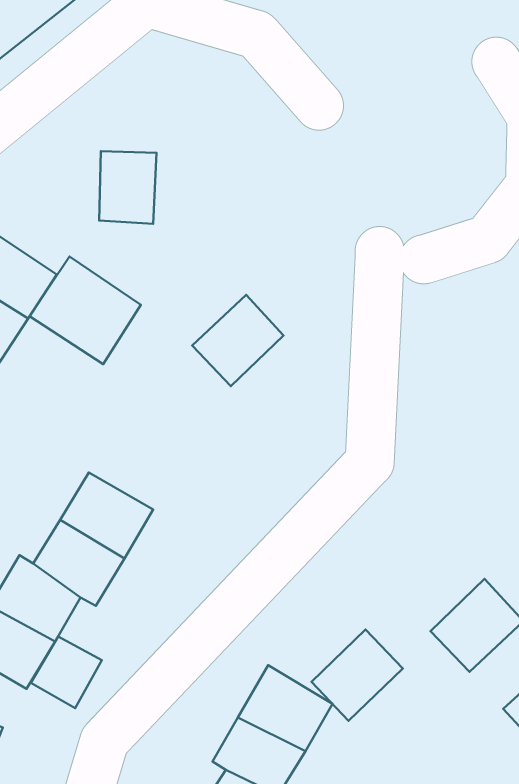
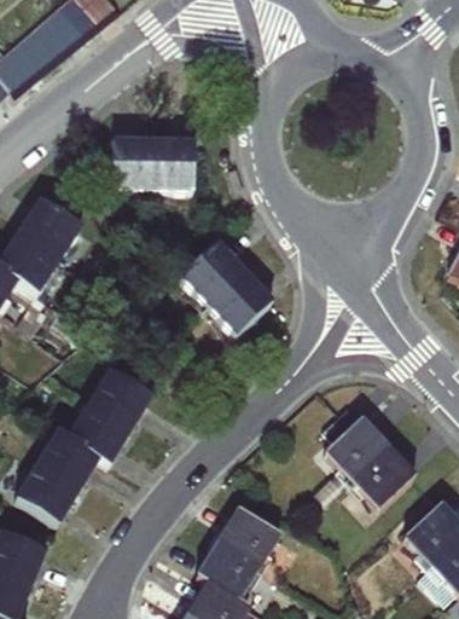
building: none -> [153,139,194,190]
building: [30,257,141,364] -> none
building: none -> [209,270,273,334]
building: [311,630,403,721] -> [325,416,390,481]
building: [31,636,102,708] -> none

